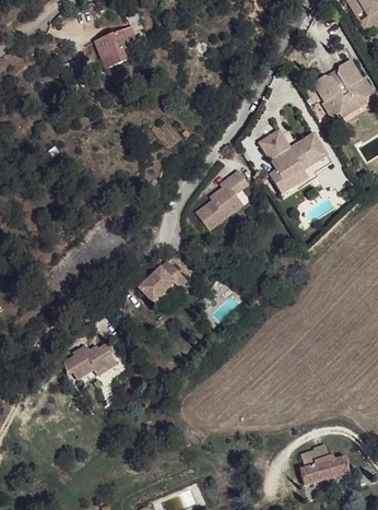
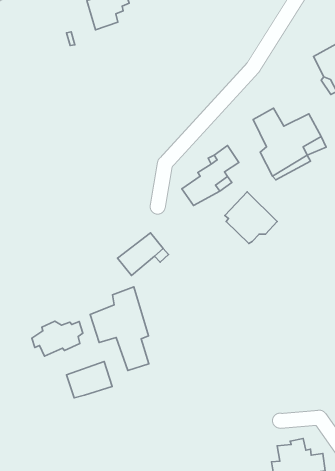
building: none -> [225,192,277,243]
building: none -> [90,287,149,371]
building: none -> [66,361,112,398]

